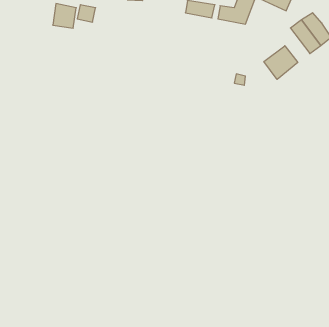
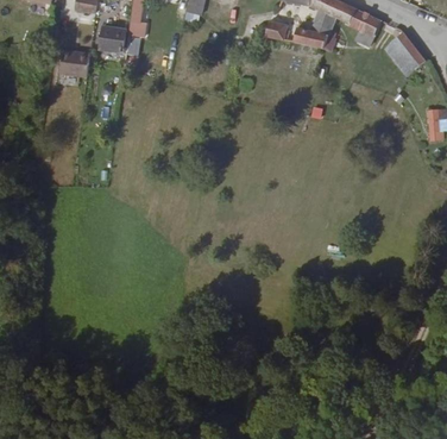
building: none -> [58,49,89,76]
building: [264,46,298,79] -> none

